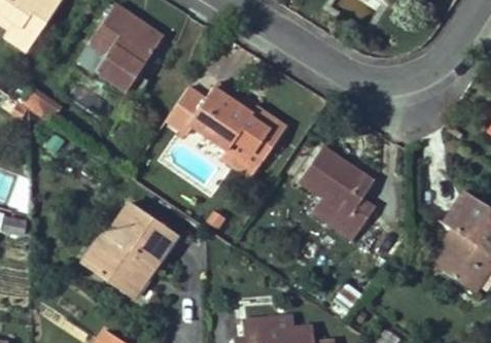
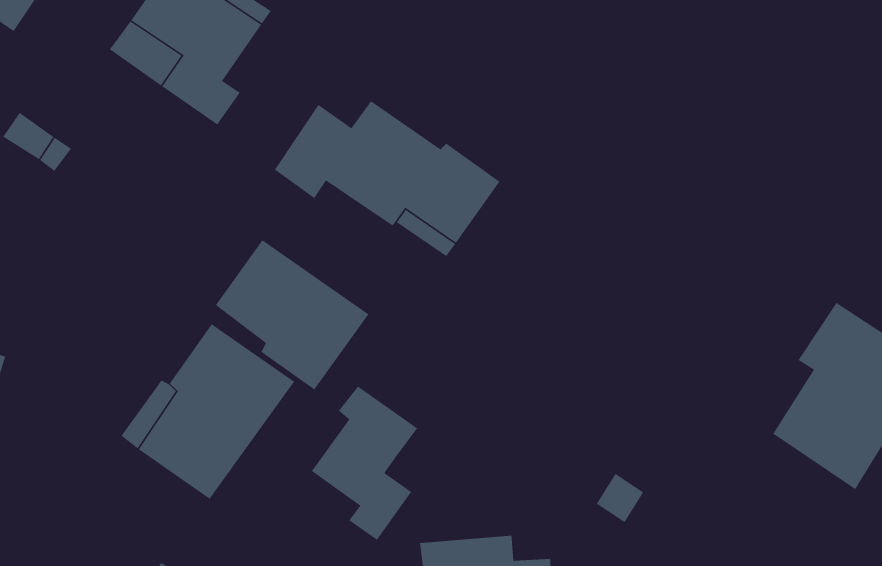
building: [300,147,376,233] -> none
building: none -> [215,239,369,390]
building: none -> [311,385,418,541]

